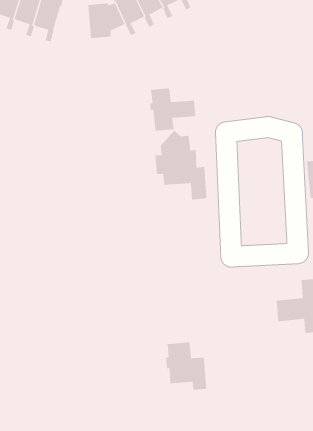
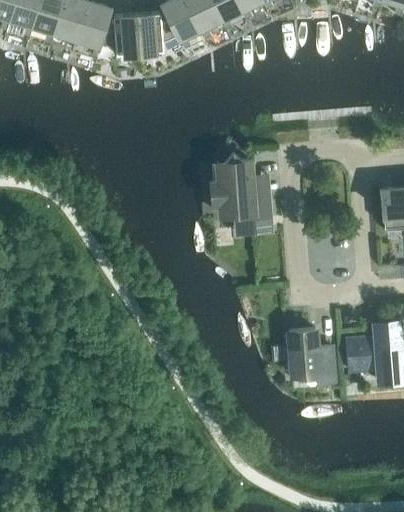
building: none -> [98,14,139,54]
building: [150,87,196,131] -> none
building: [165,342,207,390] -> [287,329,334,383]

